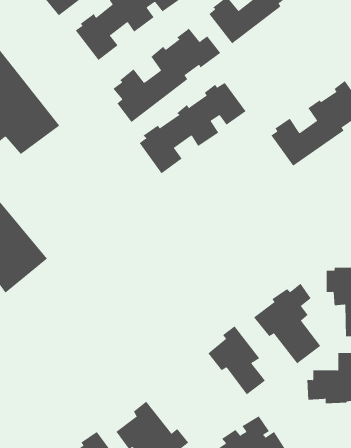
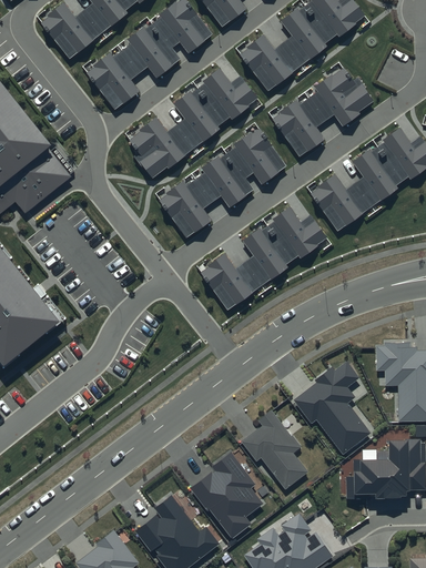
building: none -> [274,70,372,154]
building: none -> [203,209,324,307]
building: none -> [190,453,263,538]

